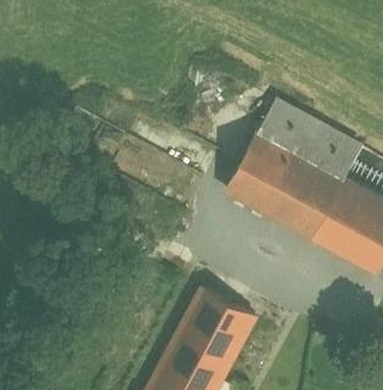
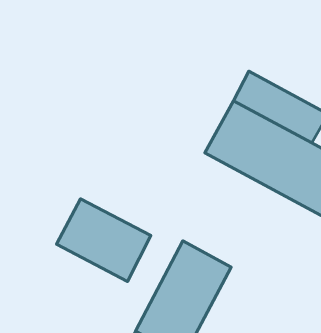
building: none -> [57,199,151,281]

